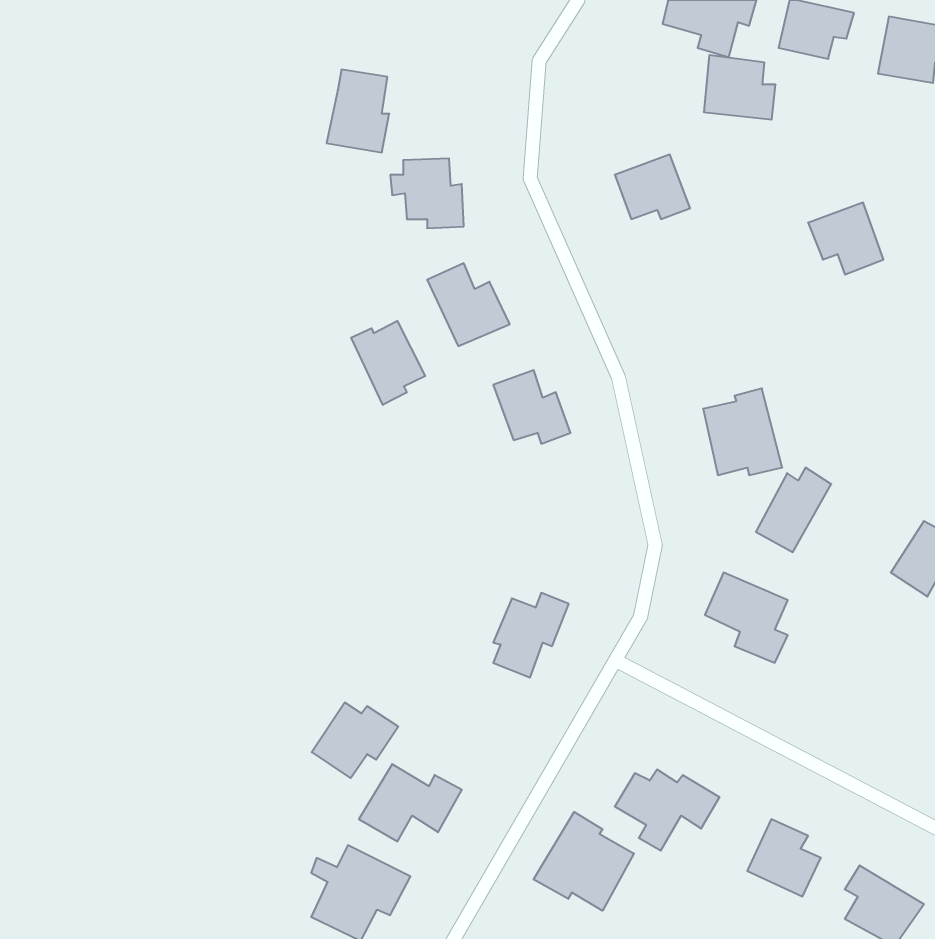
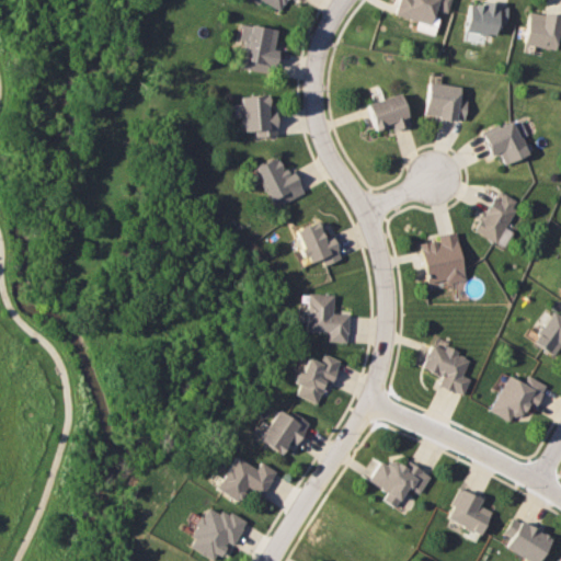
building: [704,55,776,120] -> [427,82,470,121]
building: [327,70,389,152] -> [243,25,280,75]
building: [351,321,425,405] -> none
building: [756,468,831,552] -> [477,193,522,243]
building: none -> [307,294,351,343]
building: none -> [491,376,548,421]
building: [312,703,398,778] -> [260,410,311,455]
building: [534,812,634,911] -> none

